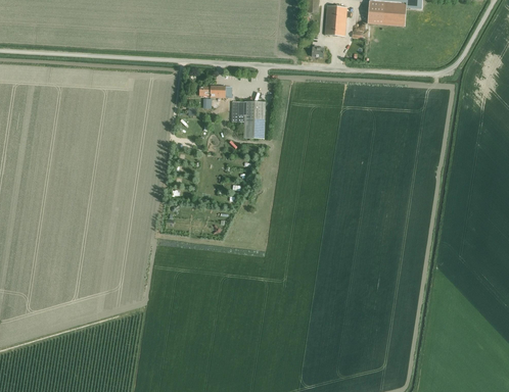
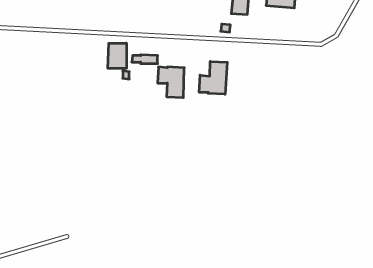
building: none -> [108,43,126,68]
building: none -> [199,61,227,94]

